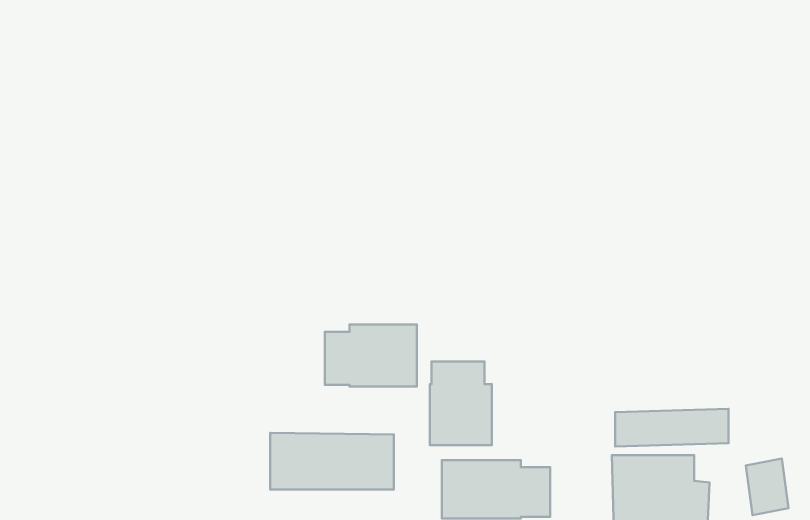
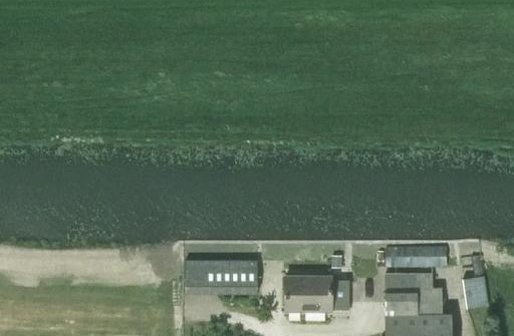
building: [325,324,417,387] -> none
building: [430,362,492,445] -> none

